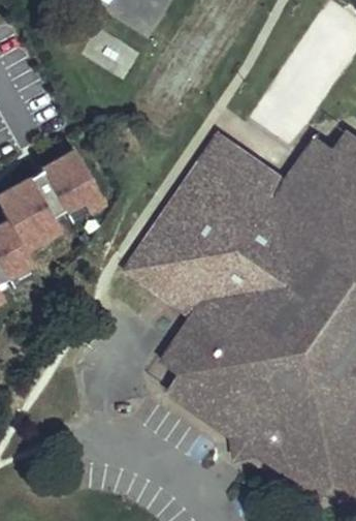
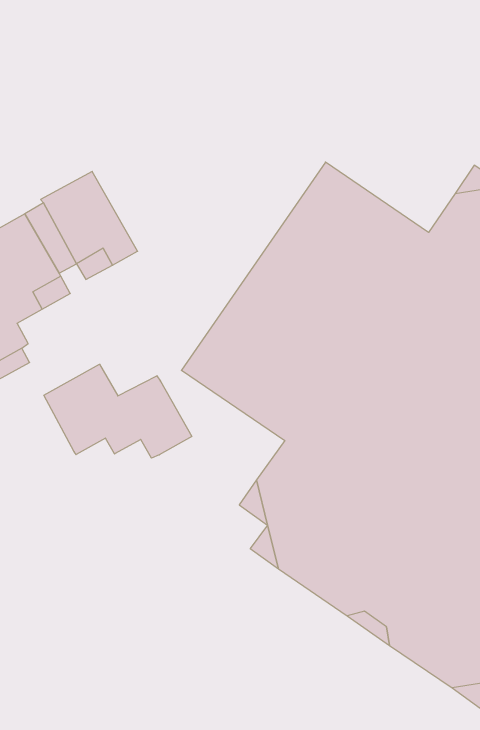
building: none -> [44,364,192,458]

